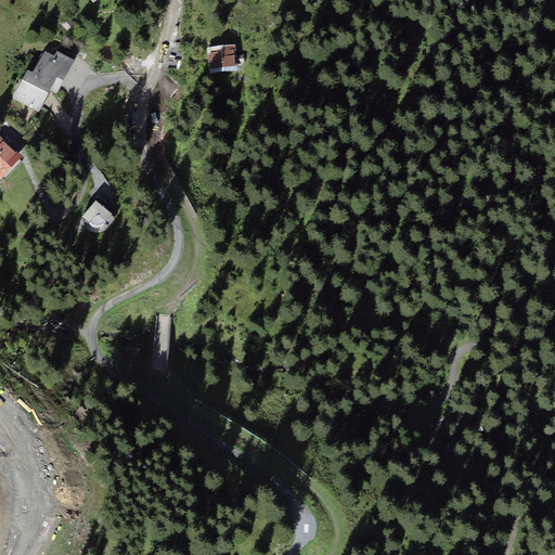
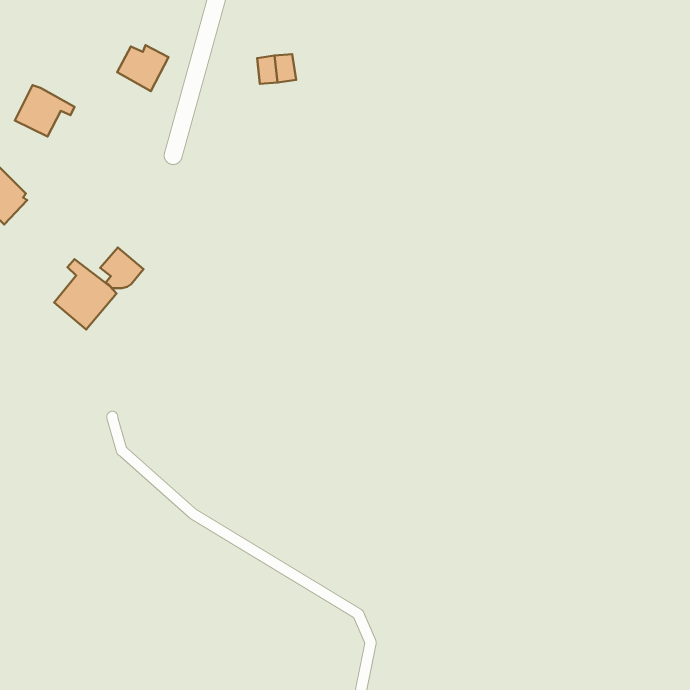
building: [33,49,74,86] -> [117,45,169,91]
building: none -> [54,259,117,329]

